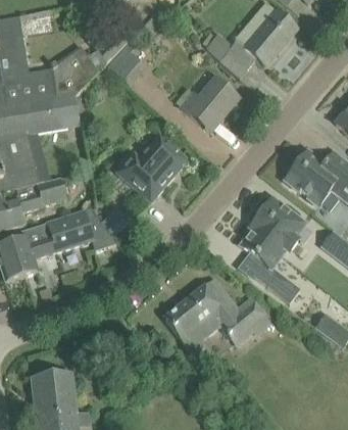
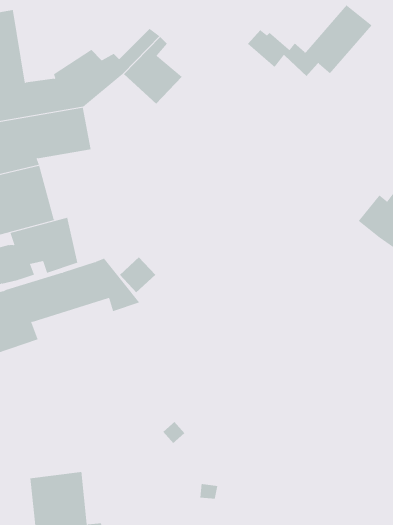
building: [178,79,237,124] -> none
building: [116,134,187,201] -> none
building: [241,198,306,302] -> none
building: [164,283,269,352] -> none

